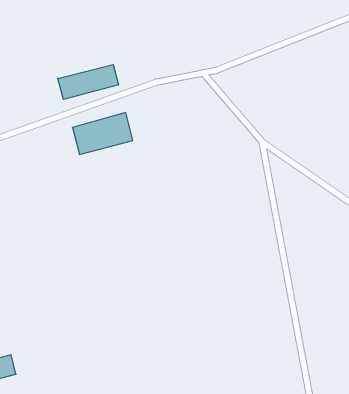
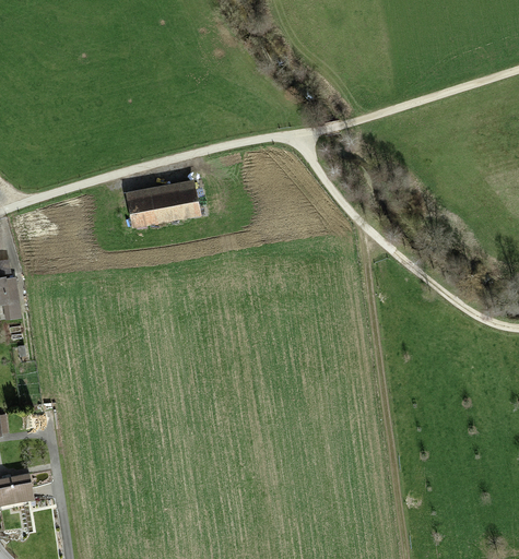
building: [58,65,119,99] -> none

